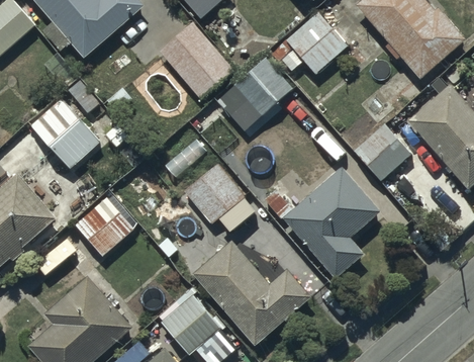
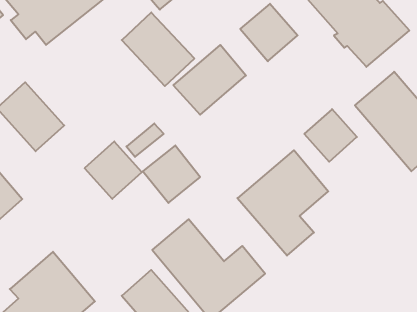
building: [74,195,134,256] -> [85,141,142,199]

